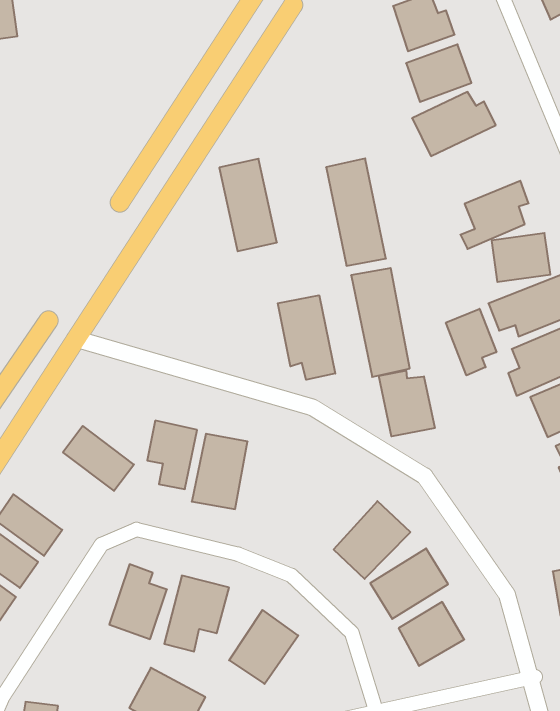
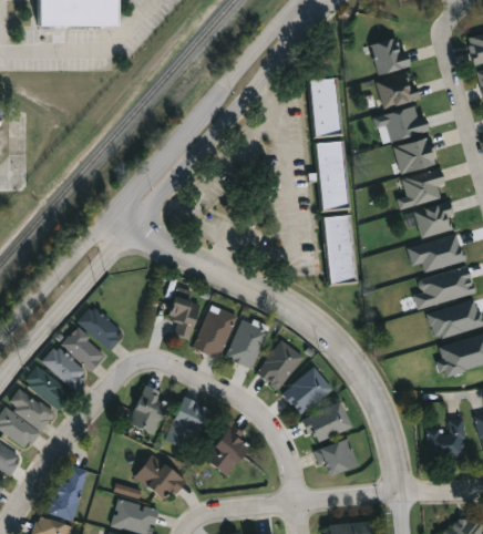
building: none -> [392,137,433,172]
building: [219,159,277,251] -> [306,78,337,136]
building: [278,295,335,380] -> none
building: [446,309,496,375] -> none
building: [379,371,435,436] -> none
building: [63,426,134,491] -> [79,305,124,350]
building: none -> [226,320,268,369]
building: none -> [256,340,305,390]

